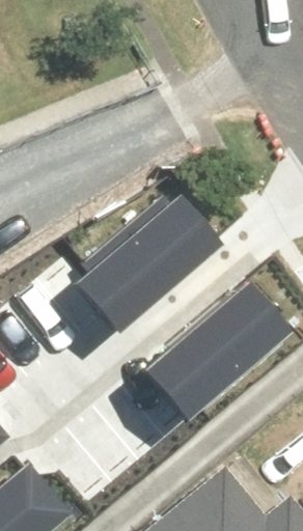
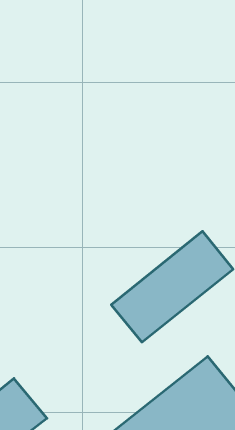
building: [71,195,218,335] -> none

